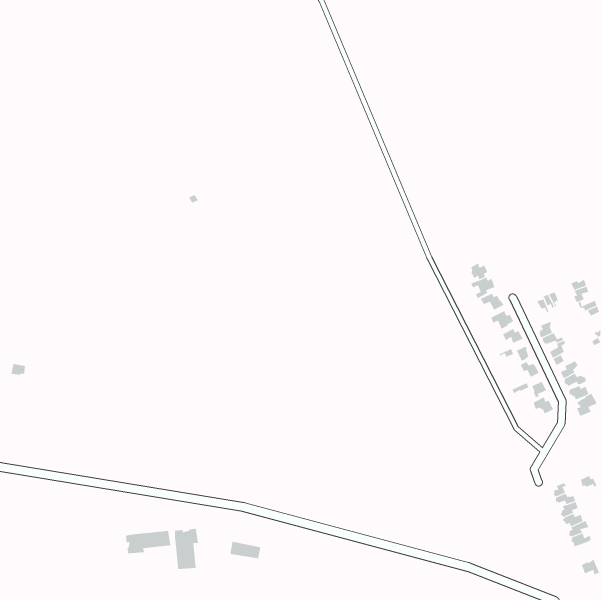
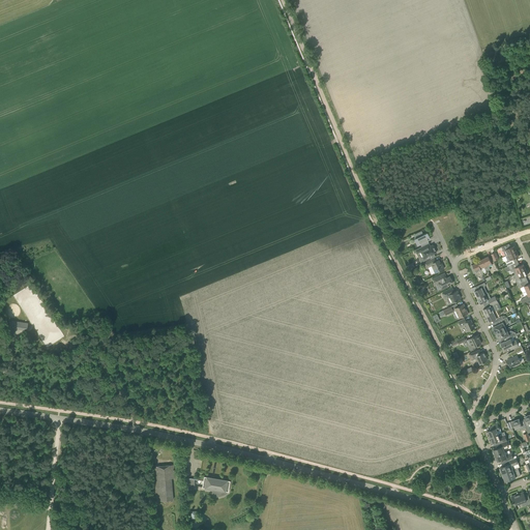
building: [126,530,171,554] -> none

